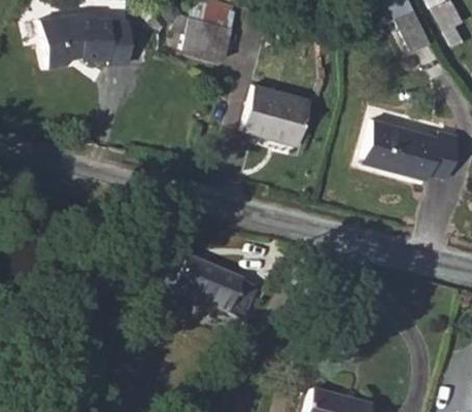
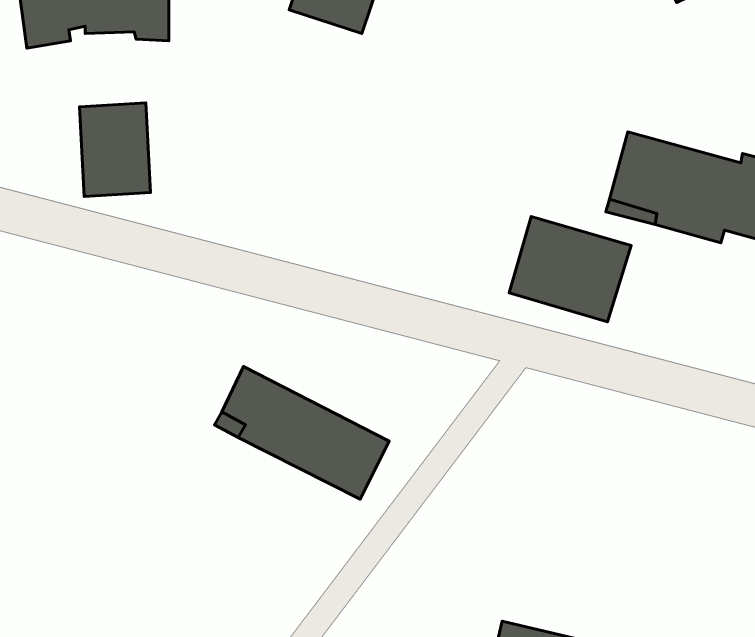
building: [240,84,309,144] -> [509,216,631,322]
building: none -> [79,103,150,196]

